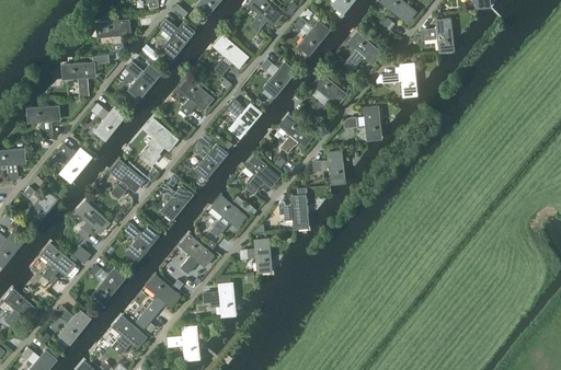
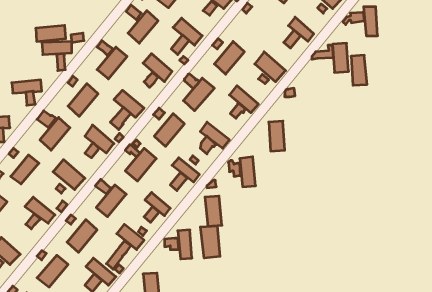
building: [296,20,331,57] -> none
building: [93,23,128,42] -> [36,25,66,41]
building: [363,108,381,143] -> [351,55,367,85]
building: none -> [200,226,220,258]

